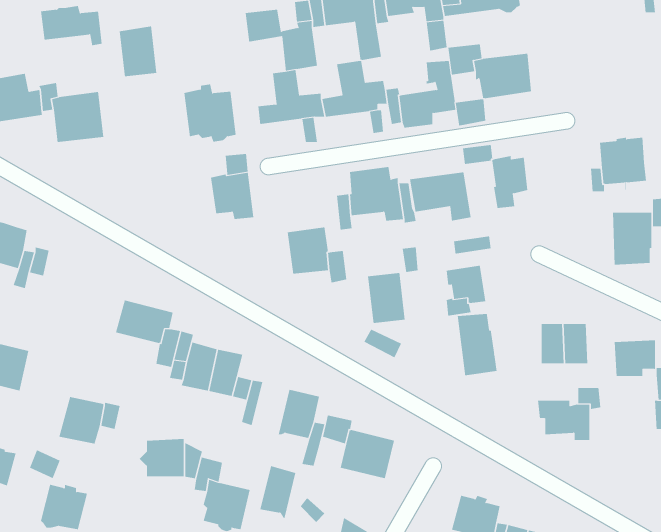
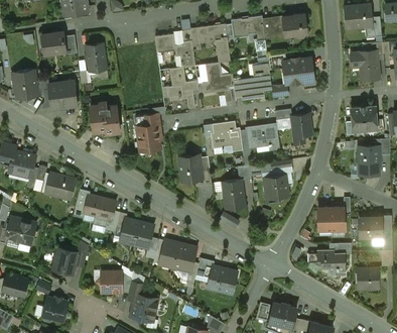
building: none -> [350,50,379,81]
building: [184,84,237,142] -> [90,102,119,134]
building: none -> [45,174,75,200]
building: [457,313,497,376] -> none
building: none -> [357,269,377,289]
building: [260,466,296,519] -> [158,240,178,269]

